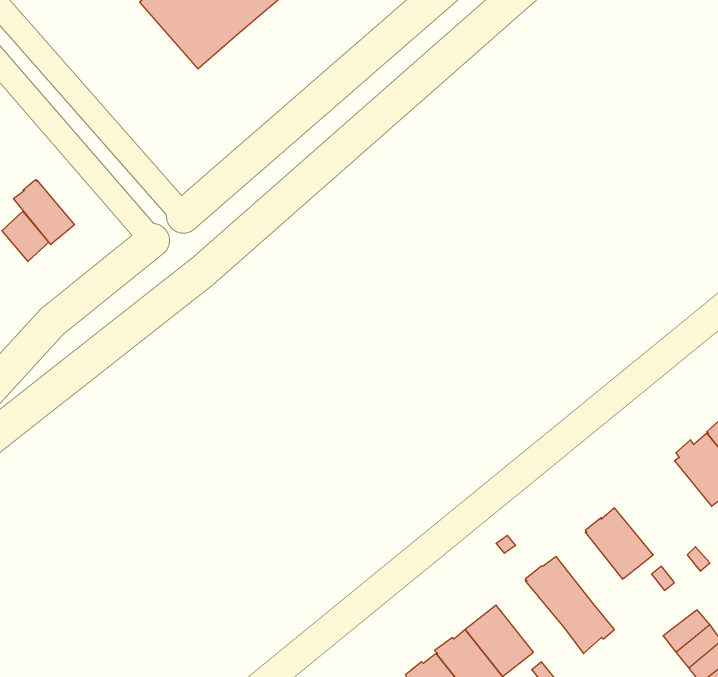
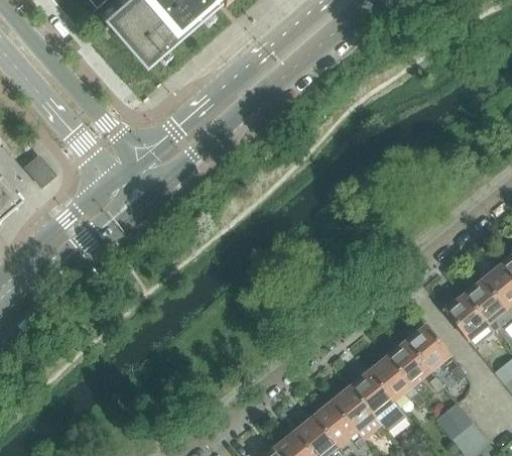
building: [13,180,74,245] -> none
building: none -> [405,325,452,369]
building: none -> [369,355,424,406]
building: none -> [333,385,387,435]

